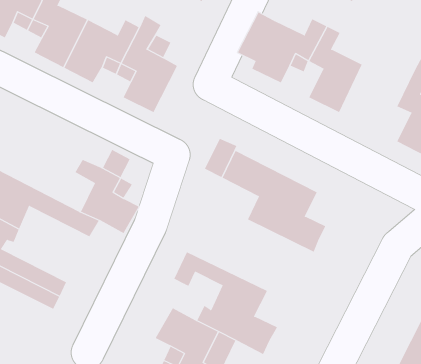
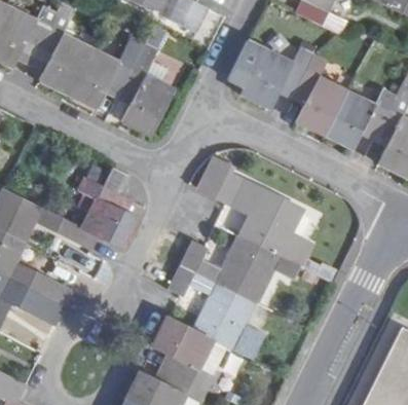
building: none -> [324,88,394,148]
building: none -> [181,234,300,301]

